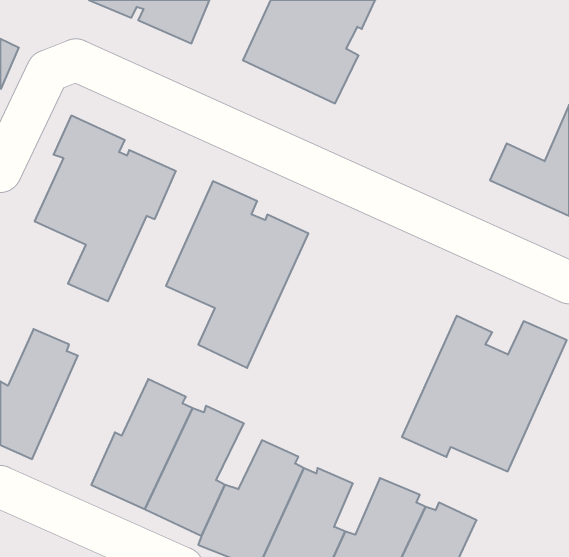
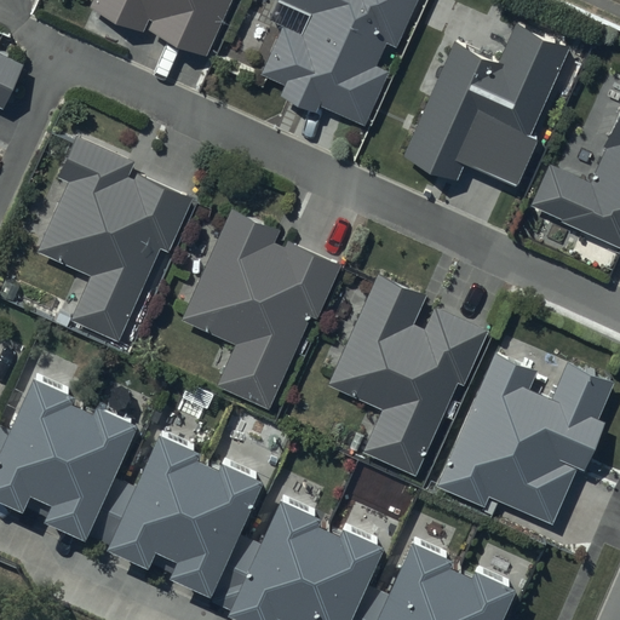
building: none -> [403,25,568,183]
building: none -> [327,276,488,478]
building: none -> [35,397,139,540]

